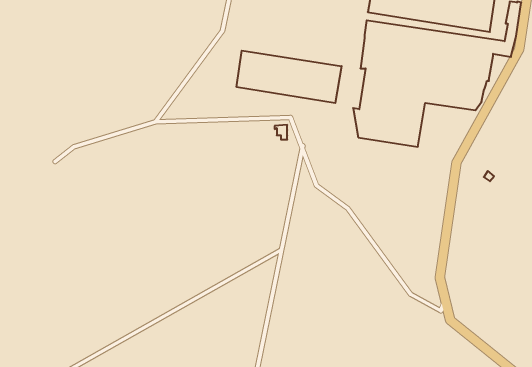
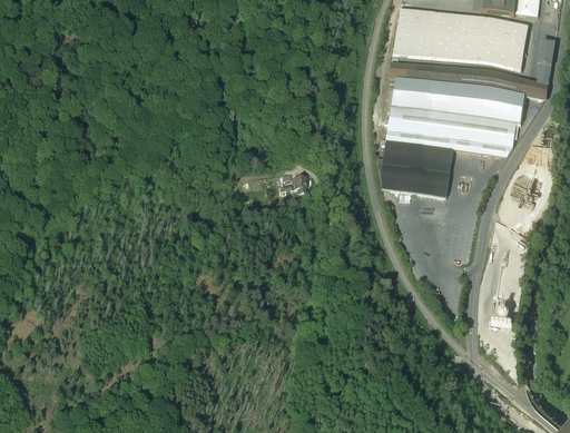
building: [237,51,342,103] -> none

